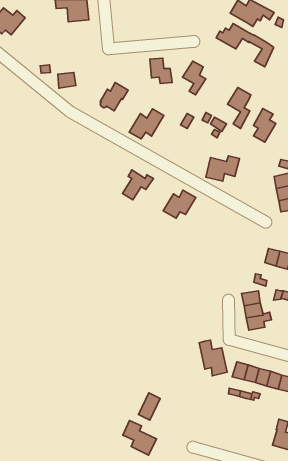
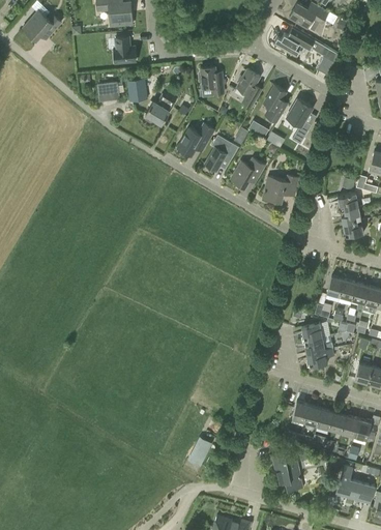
building: none -> [114,35,136,62]
building: none -> [126,78,148,101]
building: [254,109,276,142] -> [264,85,289,122]
building: [123,170,153,200] -> [205,138,239,171]
building: [163,190,196,218] -> [230,156,266,187]
building: [199,340,227,376] -> [272,452,303,492]
building: [123,420,156,455] -> none

